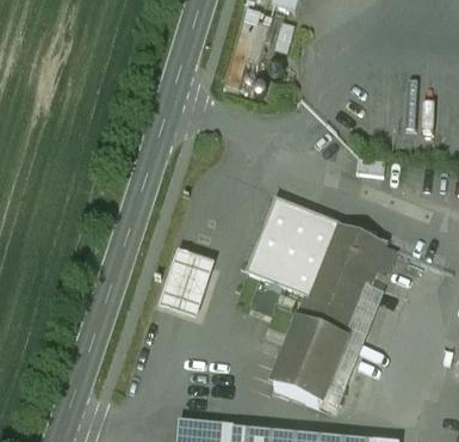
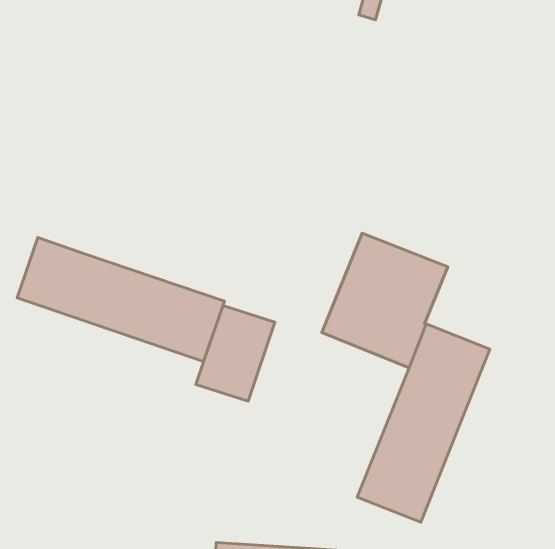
building: none -> [17,238,224,361]
building: [322,225,387,284] -> none

